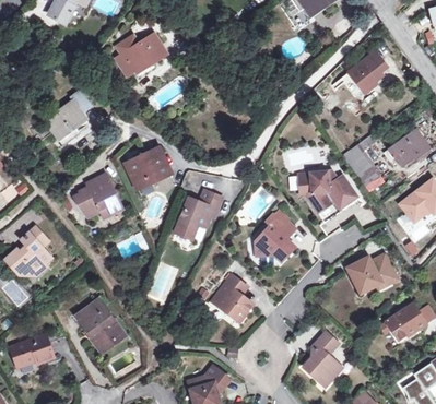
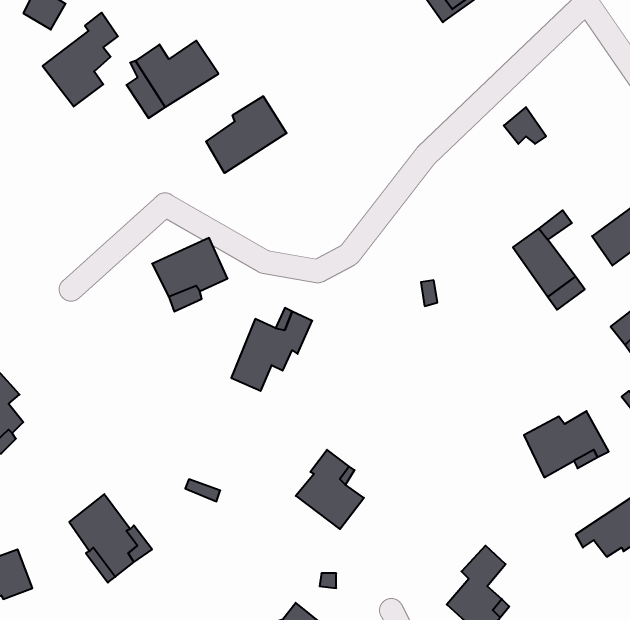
building: [349,51,386,90] -> none
building: none -> [206,96,287,173]
building: [45,91,90,146] -> [43,13,118,107]
building: [297,171,357,223] -> none
building: [71,176,118,221] -> none
building: [254,210,294,263] -> none

